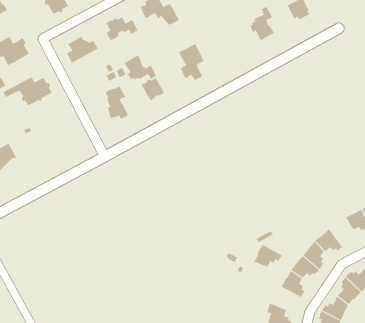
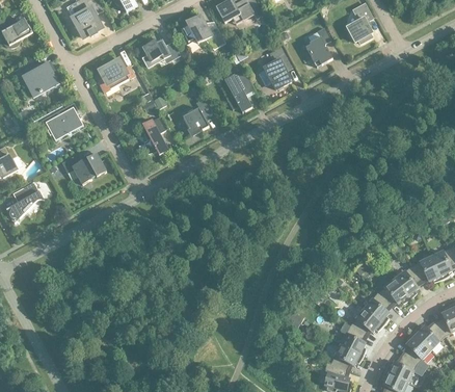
building: none -> [259,46,291,89]
building: [124,55,157,81] -> none
building: none -> [61,152,106,184]
building: none -> [394,265,422,298]
building: [254,244,282,268] -> [330,343,363,370]

